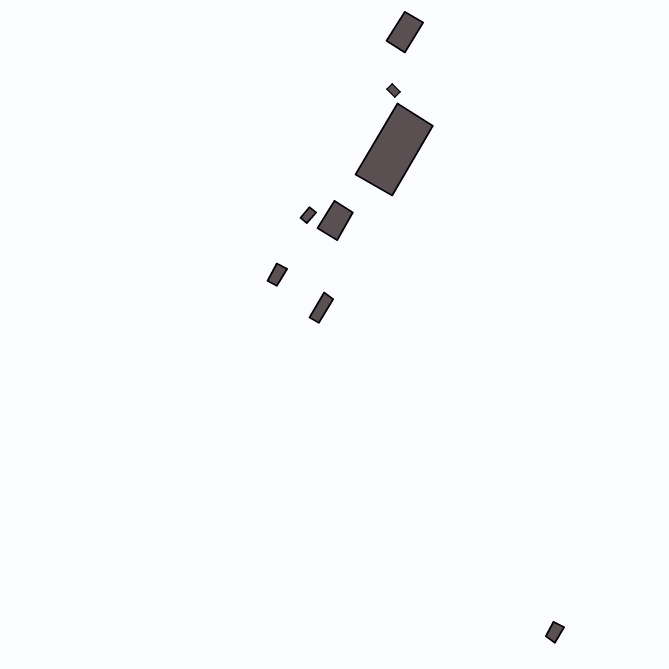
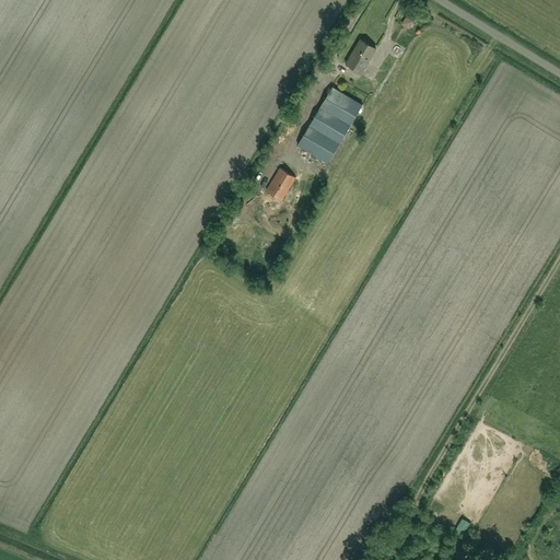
building: [386,12,423,53] -> [345,40,375,74]

